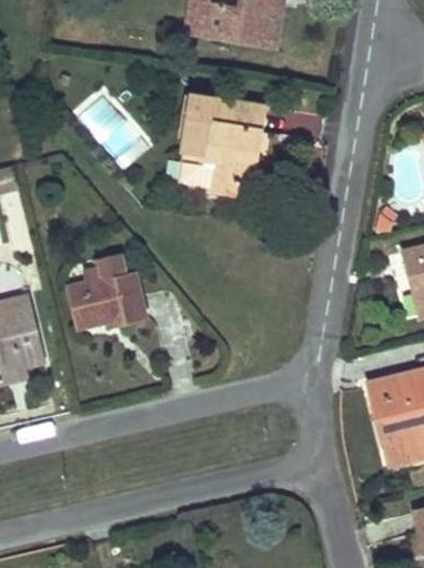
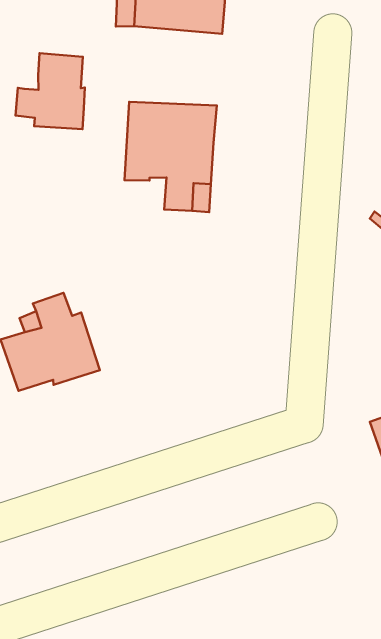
building: none -> [15,53,85,129]

